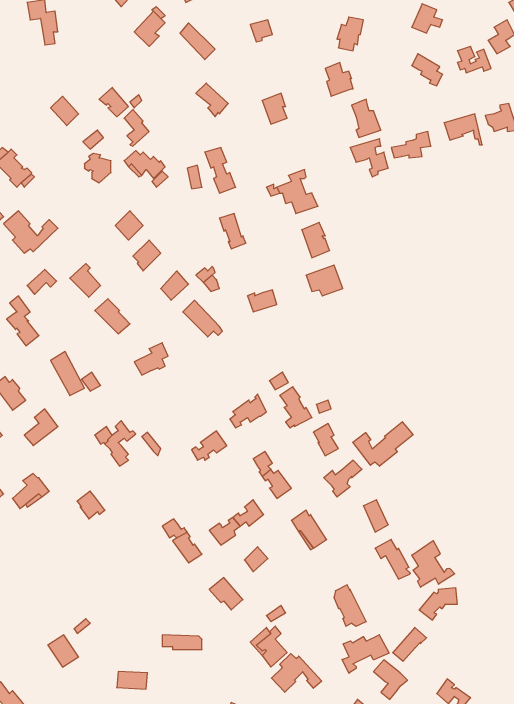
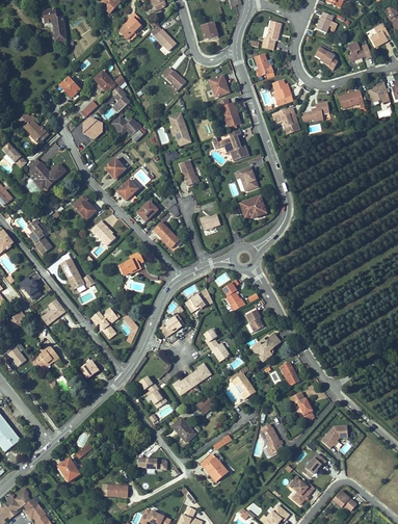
building: none -> [217,98,241,127]
building: [353,422,413,466] -> none
building: [412,541,455,587] -> none
building: [342,635,389,673] -> none
building: [271,654,322,692] -> none

